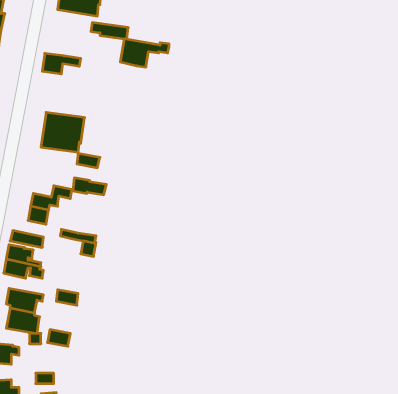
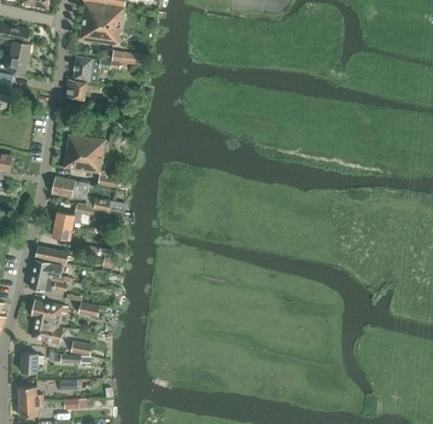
building: [120,39,169,67] -> [74,56,119,82]
building: none -> [52,178,89,199]

